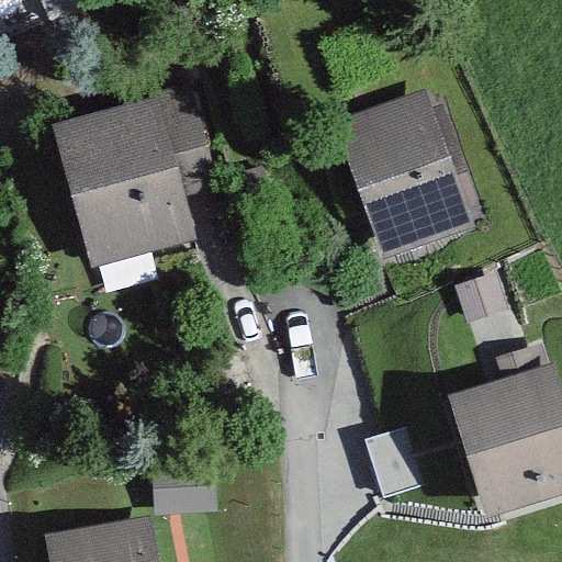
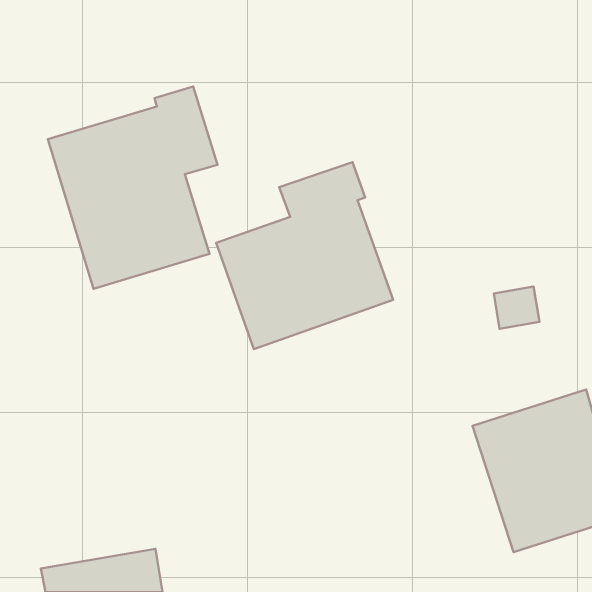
building: [334,95,480,256] -> none
building: none -> [216,162,393,349]

